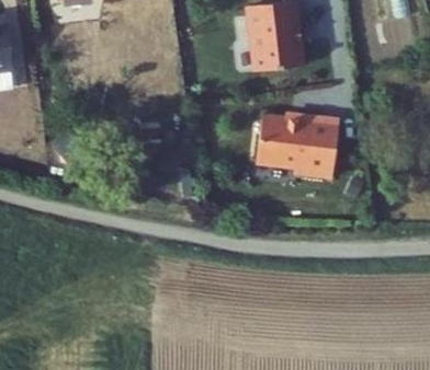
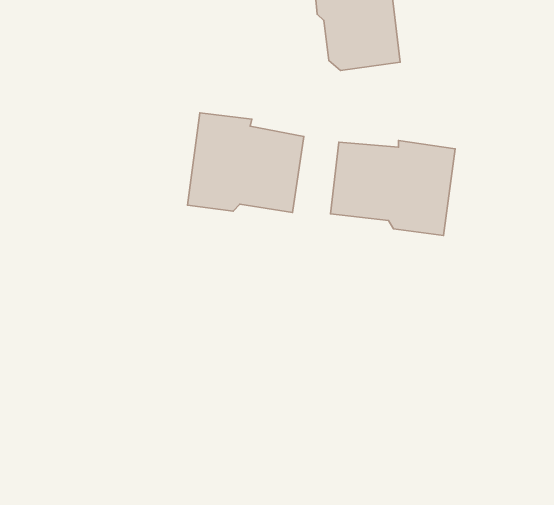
building: none -> [188,113,304,212]

